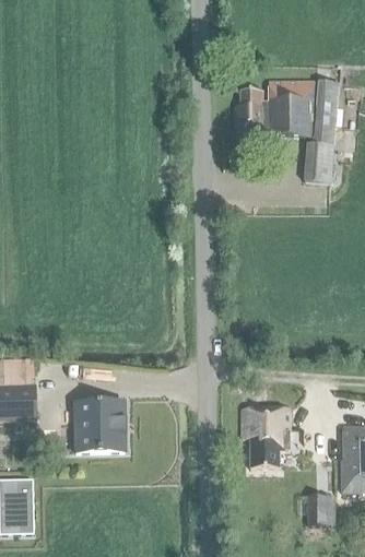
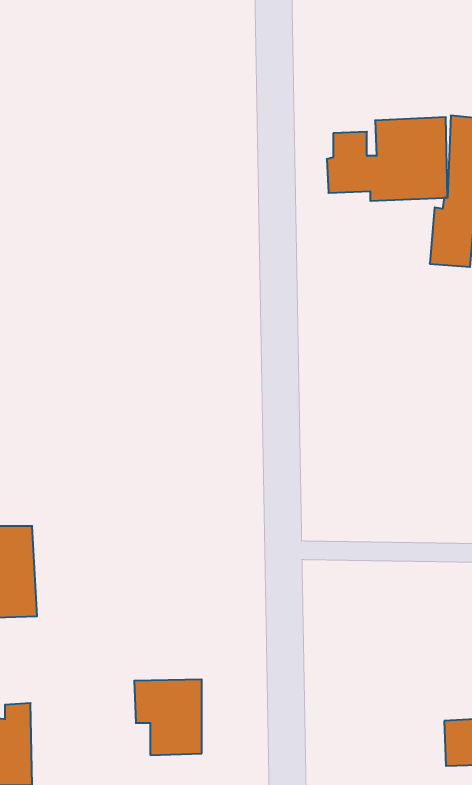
building: [72,399,118,450] -> [134,679,202,755]
building: [237,404,311,465] -> none

